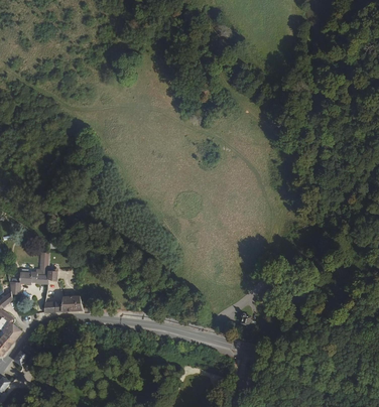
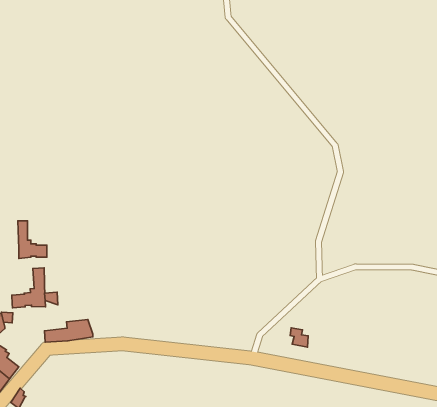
building: none -> [18,221,47,258]

